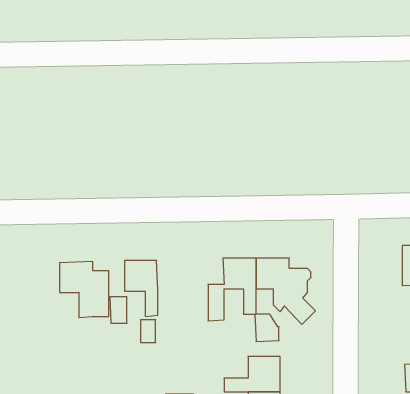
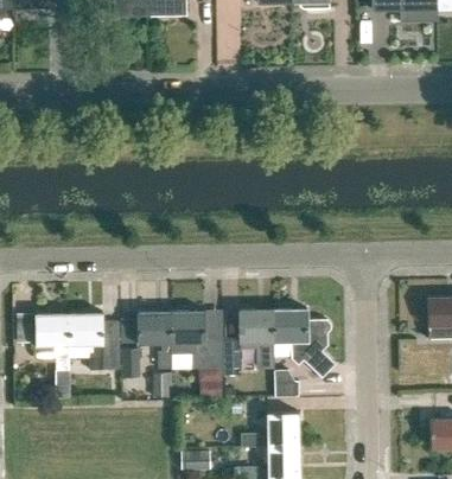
building: none -> [172,311,225,375]
building: none -> [37,314,71,371]

